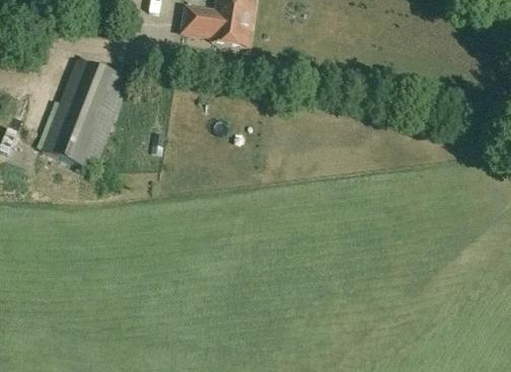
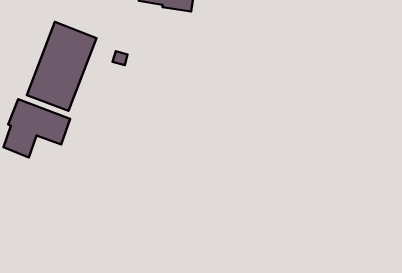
building: none -> [4,99,70,157]

